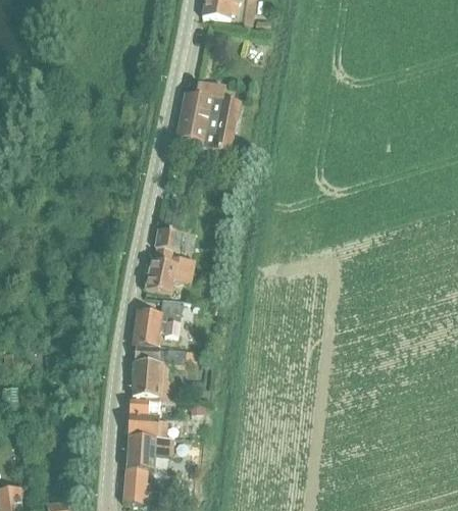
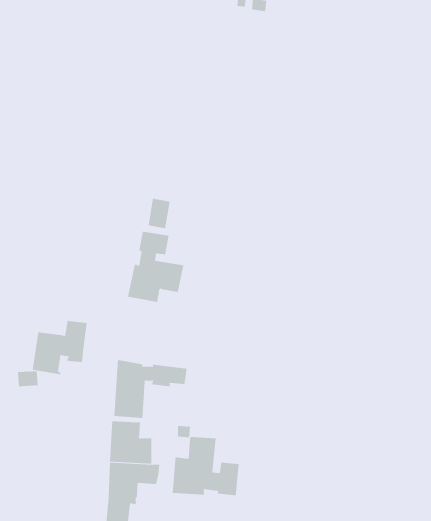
building: [174,81,237,151] -> none
building: [132,298,182,347] -> [32,320,87,375]
building: none -> [172,436,239,496]

